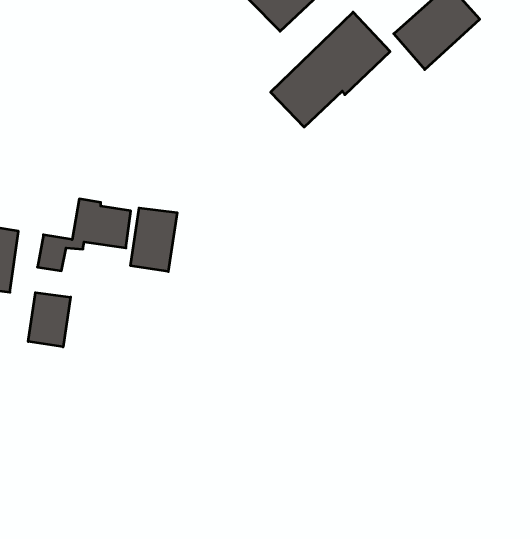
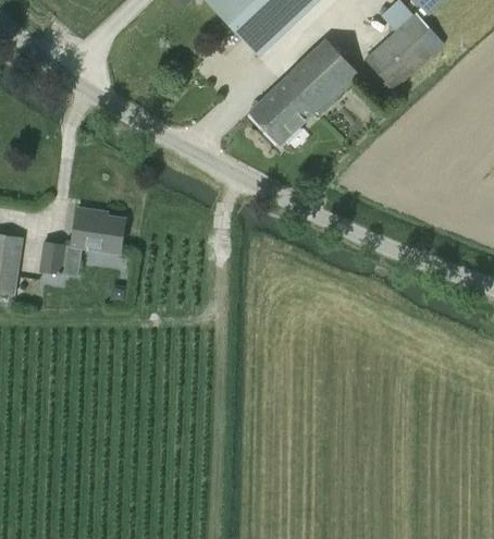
building: [131,208,177,272] -> none
building: [28,293,71,347] -> none

